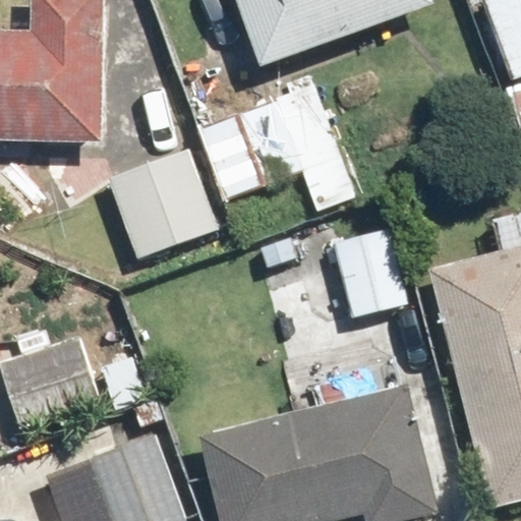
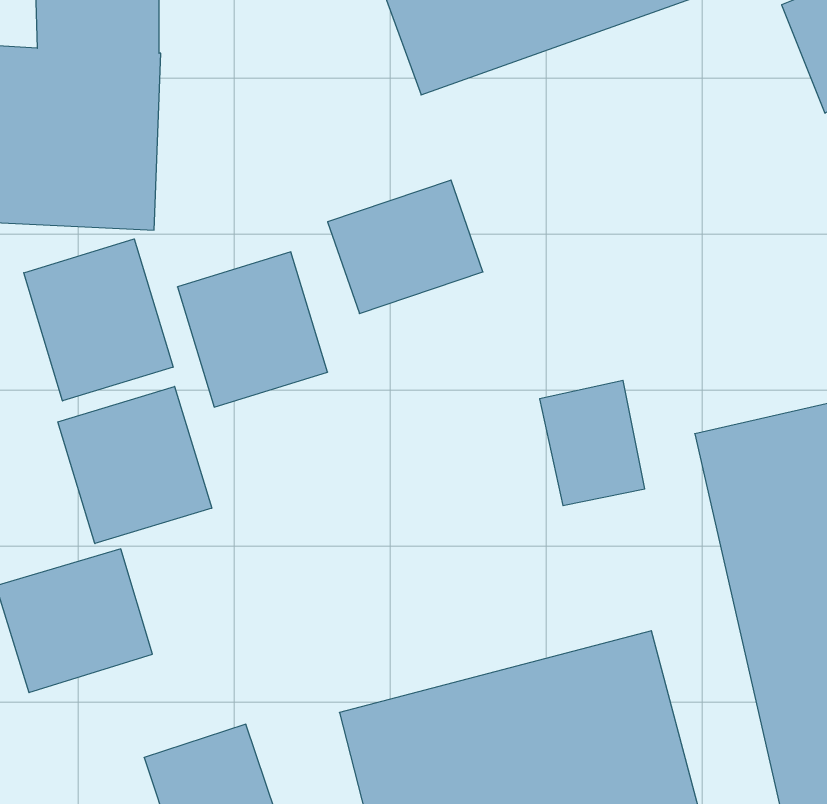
building: none -> [24,239,173,401]
building: none -> [58,386,212,544]

